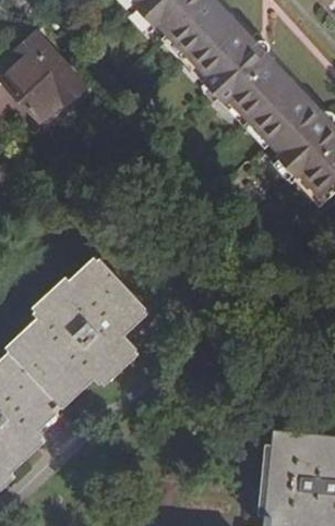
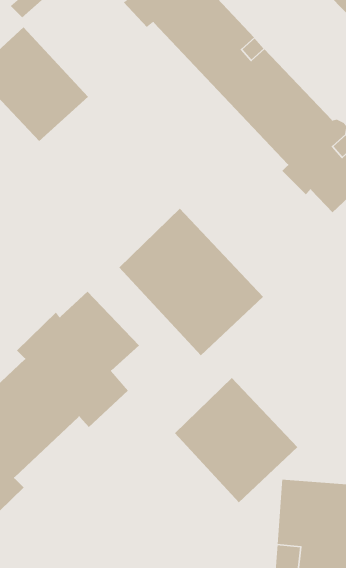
building: none -> [119,208,264,356]
building: none -> [174,377,298,503]

